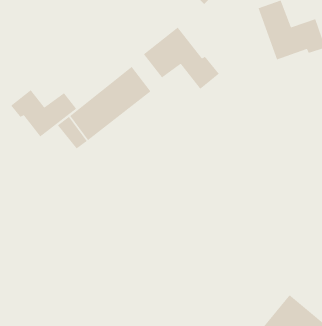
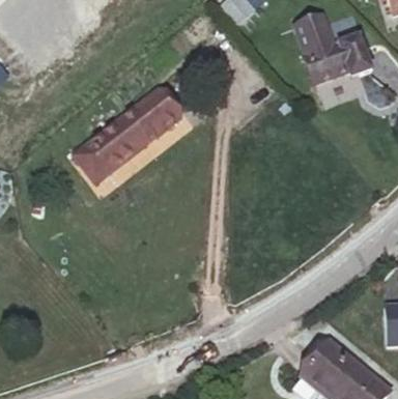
building: [143,27,220,90] -> none
building: [10,89,77,137] -> none

